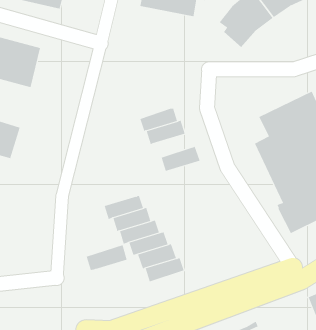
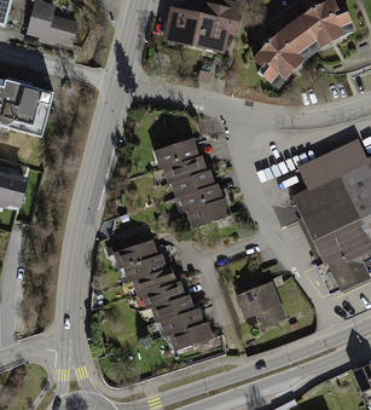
building: none -> [152,138,197,169]
building: none -> [178,184,222,213]
building: none -> [234,282,286,329]
building: [86,245,128,270] -> [111,238,158,267]

